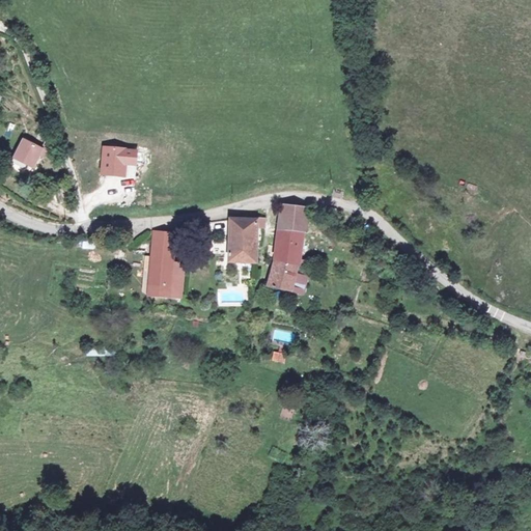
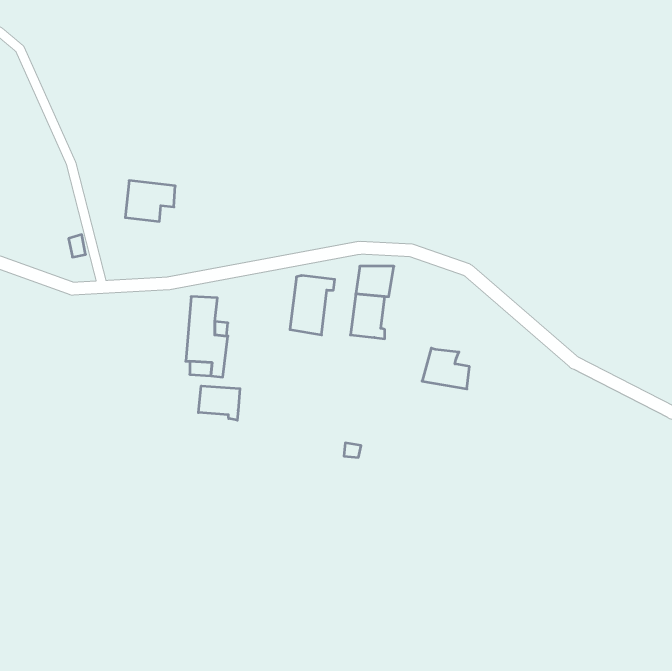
building: [17,140,43,166] -> none
building: [266,262,303,295] -> [422,348,469,389]
building: none -> [198,386,240,420]

